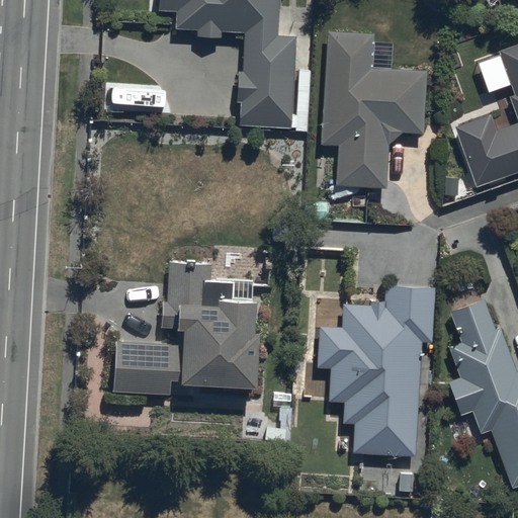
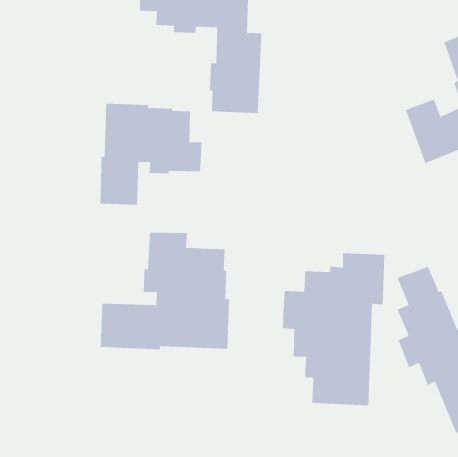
building: [321,32,426,189] -> none
building: none -> [100,103,202,205]

